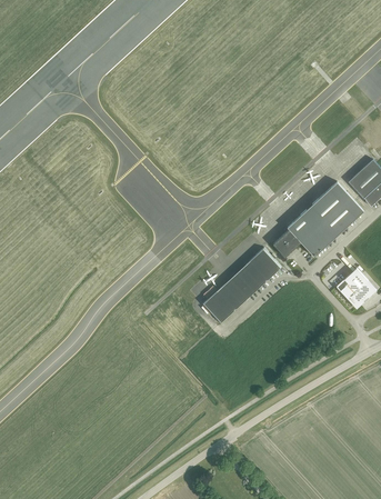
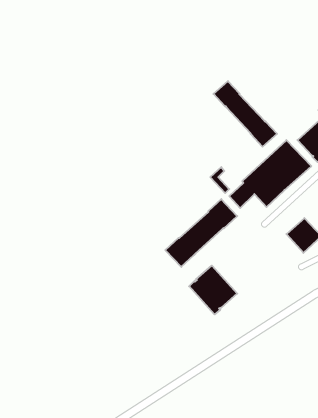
building: none -> [213,81,277,147]
building: none -> [189,266,237,314]

